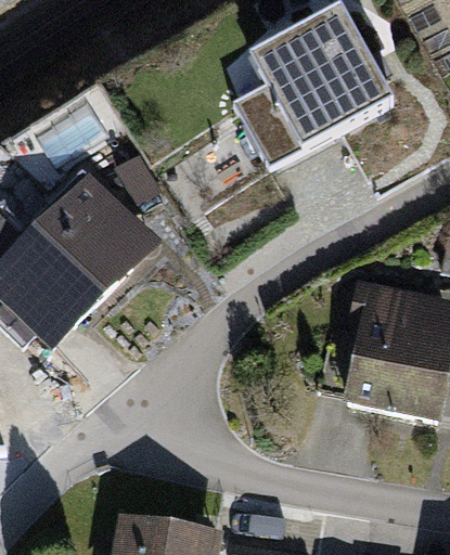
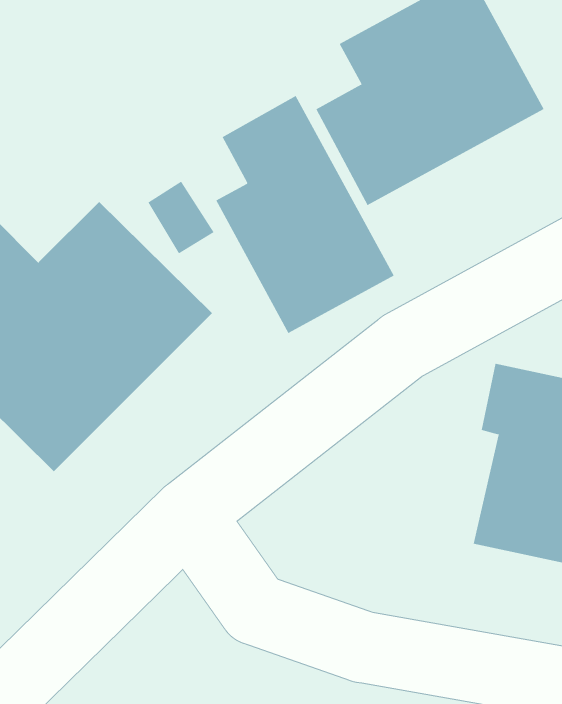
building: none -> [215,95,394,334]

